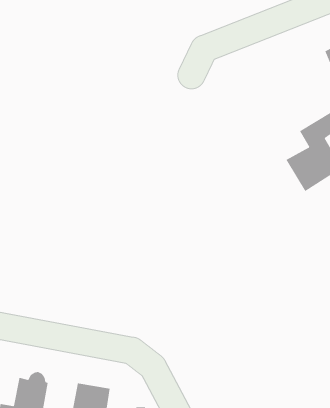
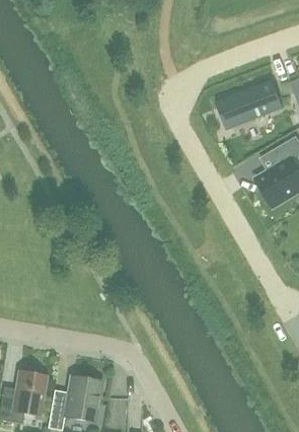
building: none -> [217,78,285,129]

